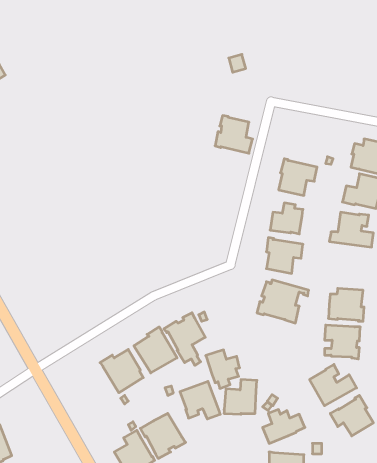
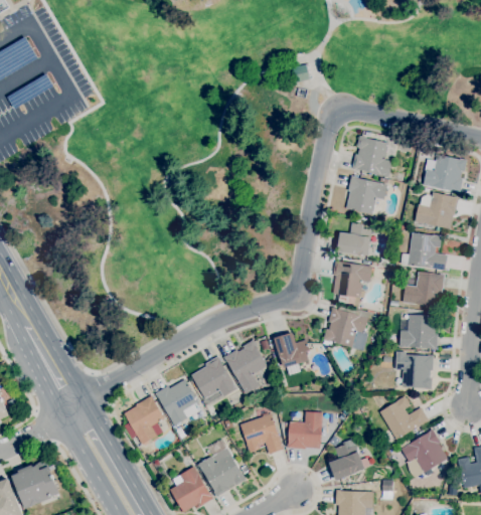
building: [215,116,253,153] -> [352,136,392,176]
building: none -> [403,272,445,307]
building: [206,350,240,388] -> [274,332,310,373]
building: none -> [124,395,165,445]

